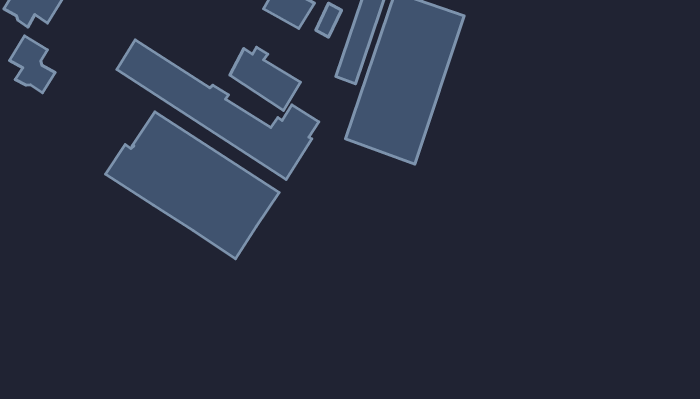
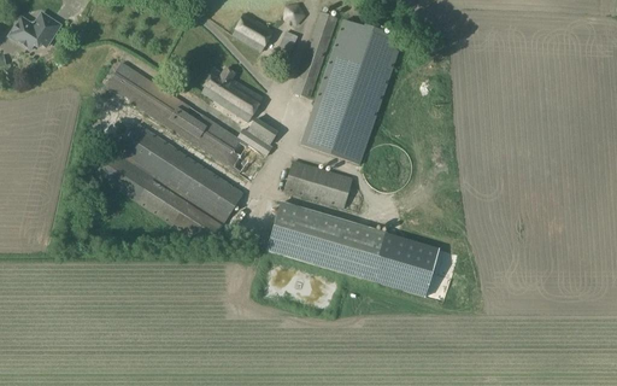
building: [10,36,55,93] -> none
building: none -> [282,158,352,207]
building: none -> [265,201,437,296]

